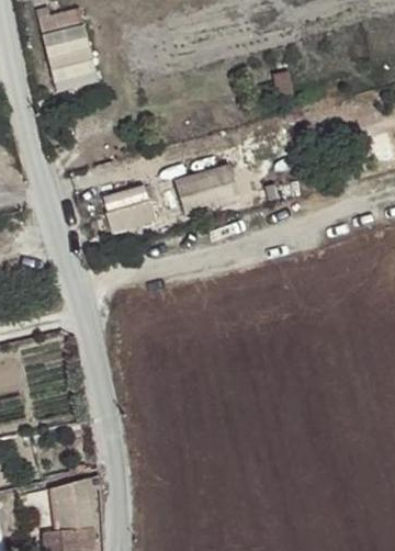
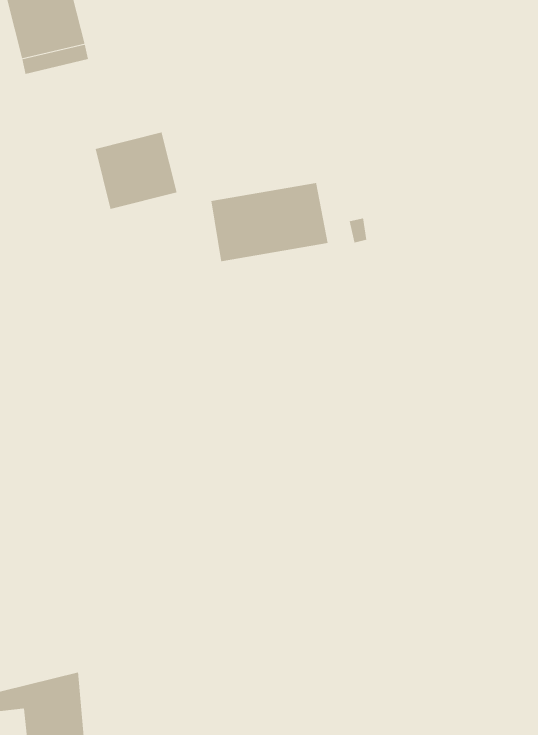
building: [103,183,157,234] -> [95,132,177,210]

